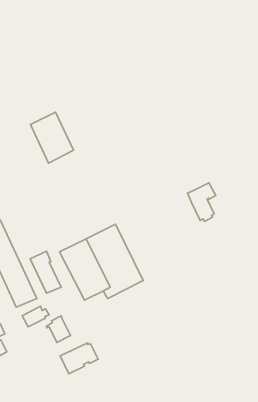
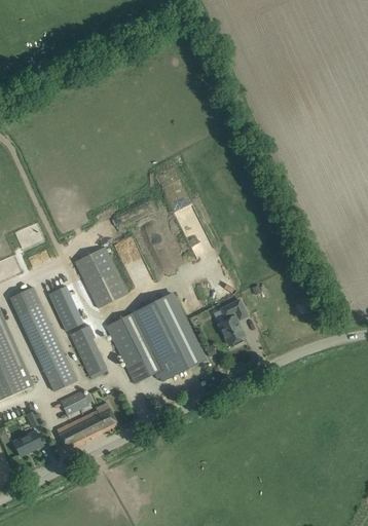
building: [30,112,74,163] -> [74,247,125,307]
building: [187,183,216,222] -> [213,299,247,345]
building: none -> [48,285,83,331]
building: [60,343,98,374] -> [56,413,101,450]

